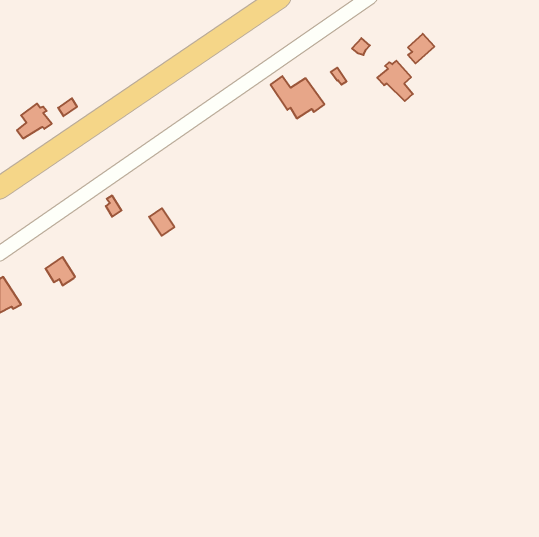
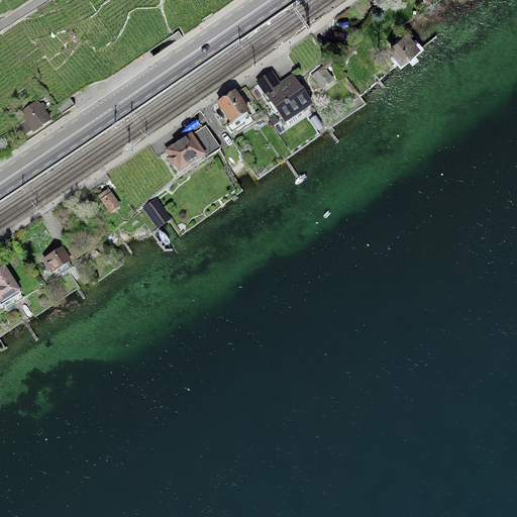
building: [377,61,413,101] -> none
building: none -> [219,90,254,130]
building: none -> [167,124,218,173]

